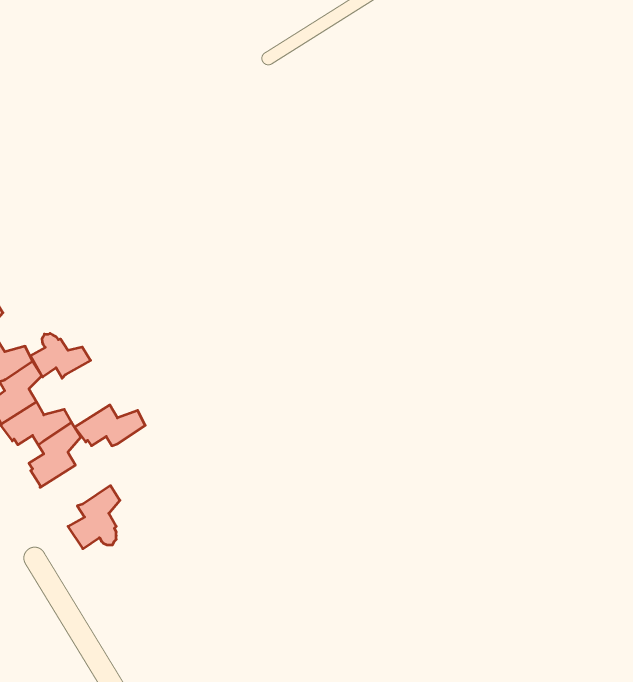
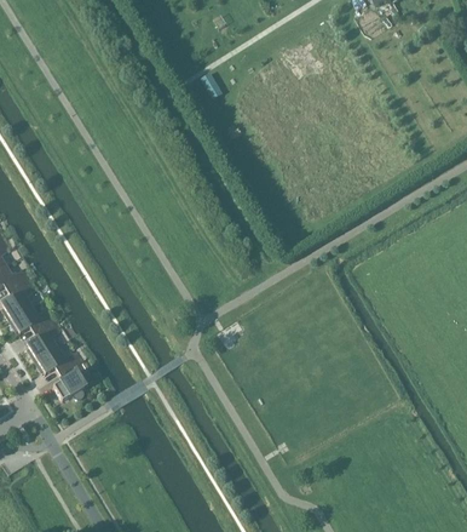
building: [30,333,91,378] -> none
building: [75,405,145,446] -> [34,345,80,372]

